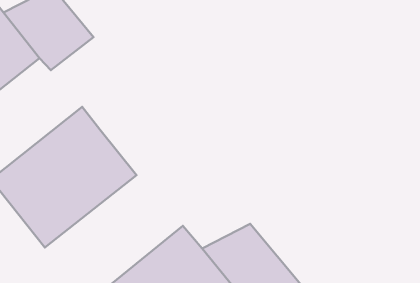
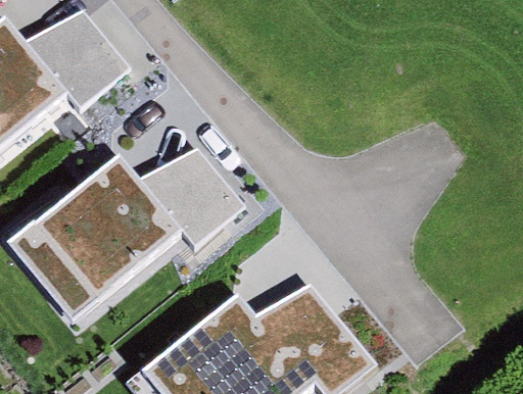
building: none -> [137,151,242,248]

